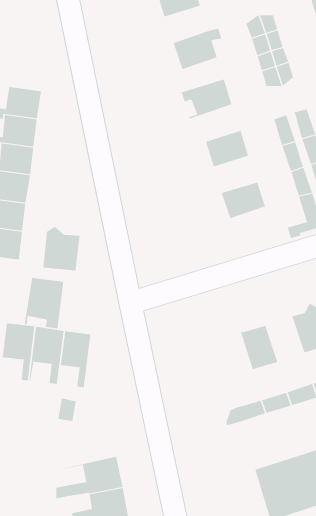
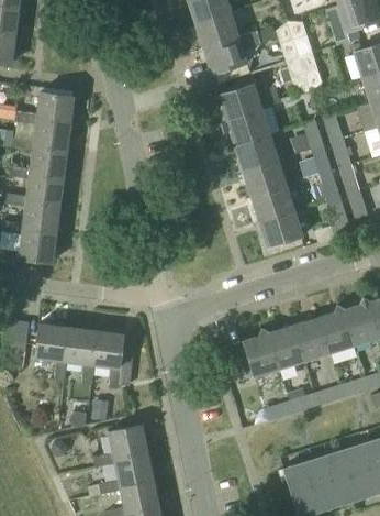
building: none -> [194,12,248,48]
building: none -> [220,109,270,145]
building: none -> [243,160,287,196]
building: none -> [259,209,303,248]
building: [43,226,80,271] -> none
building: [24,277,64,329] -> none
building: none -> [294,317,332,362]
building: none -> [230,327,281,381]
building: none -> [92,424,148,466]

